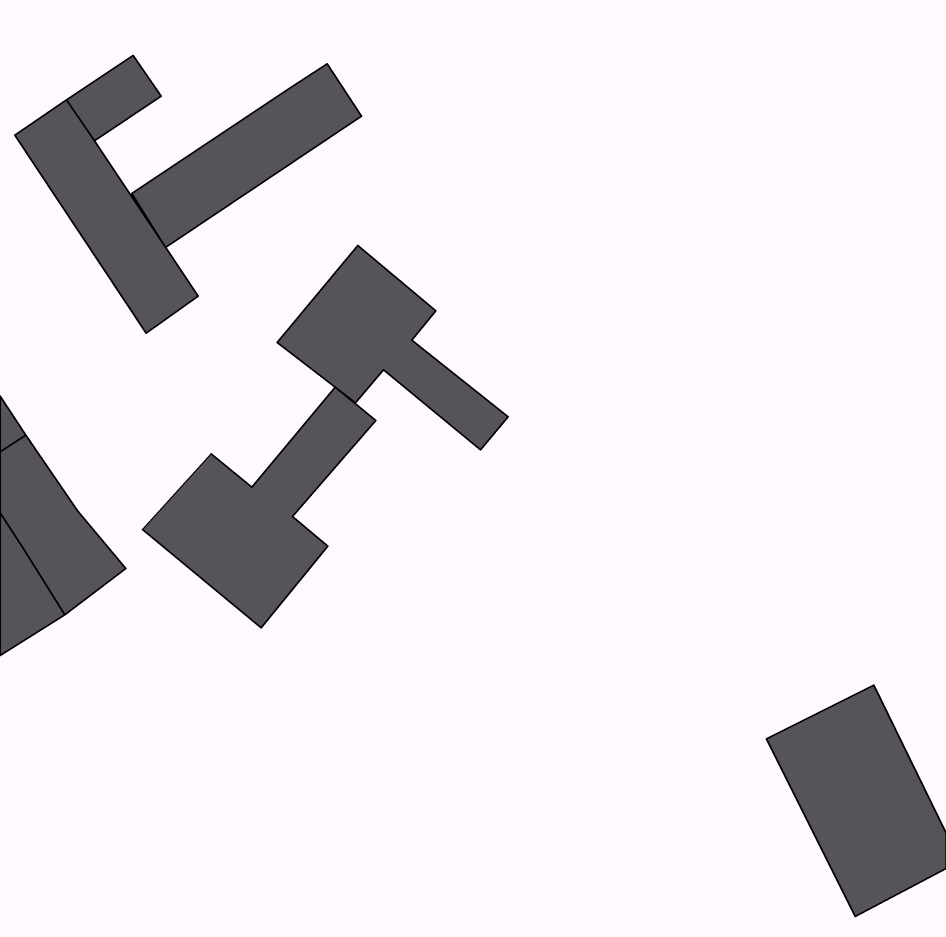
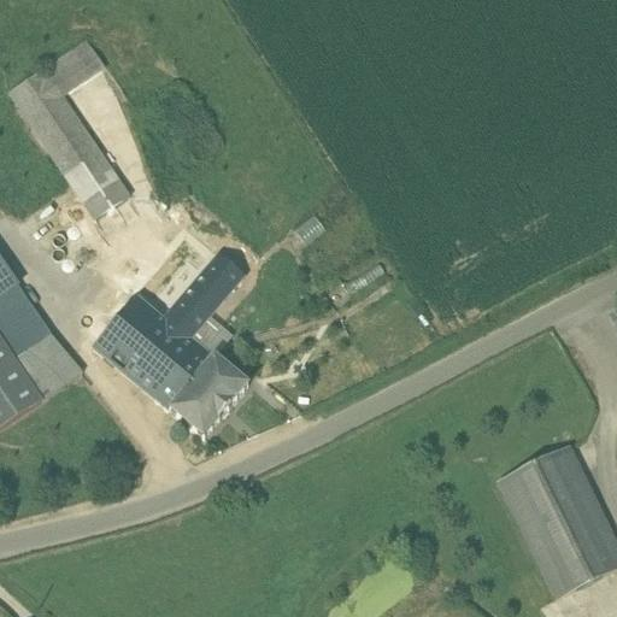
building: [132,64,361,247] -> none
building: [277,245,508,450] -> none
building: none -> [170,355,248,436]

